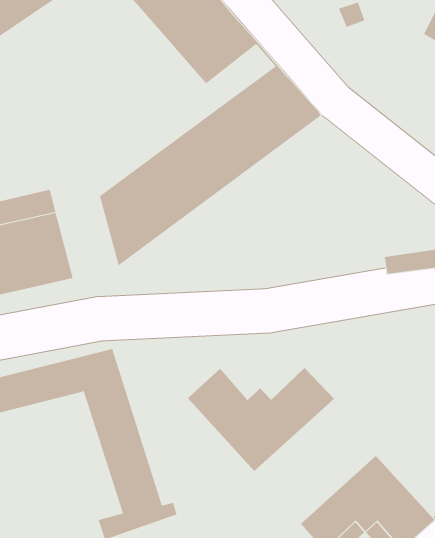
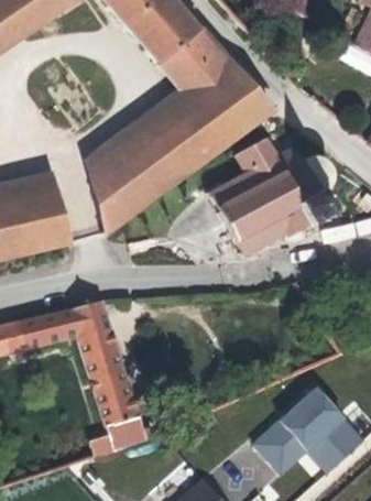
building: none -> [86,53,233,176]
building: none -> [206,138,336,258]
building: [187,367,335,472] -> none

